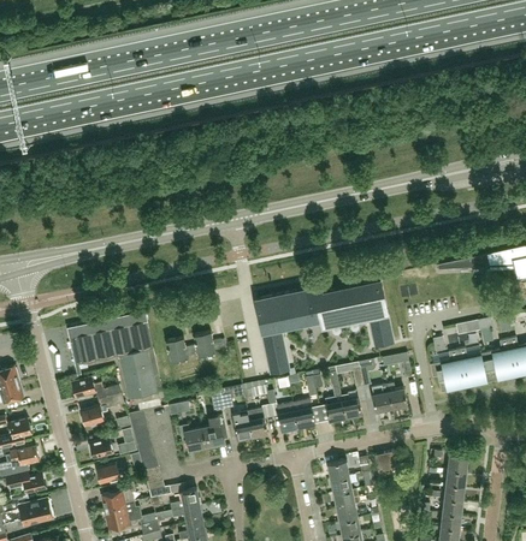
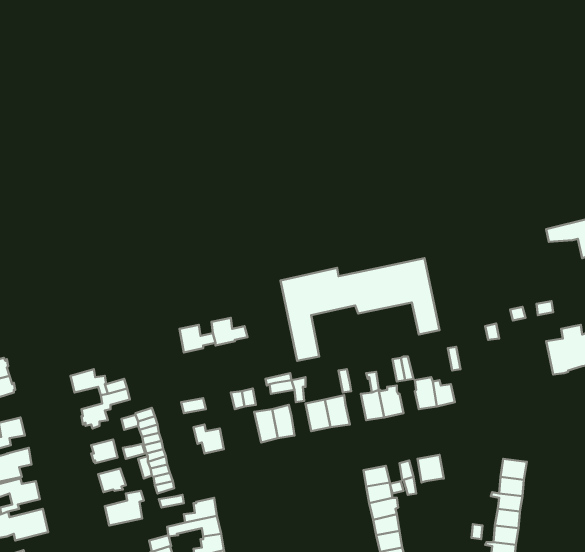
building: [71,313,165,406] -> none
building: [430,350,492,393] -> none
building: [202,416,226,447] -> none
building: [106,507,142,530] -> none

